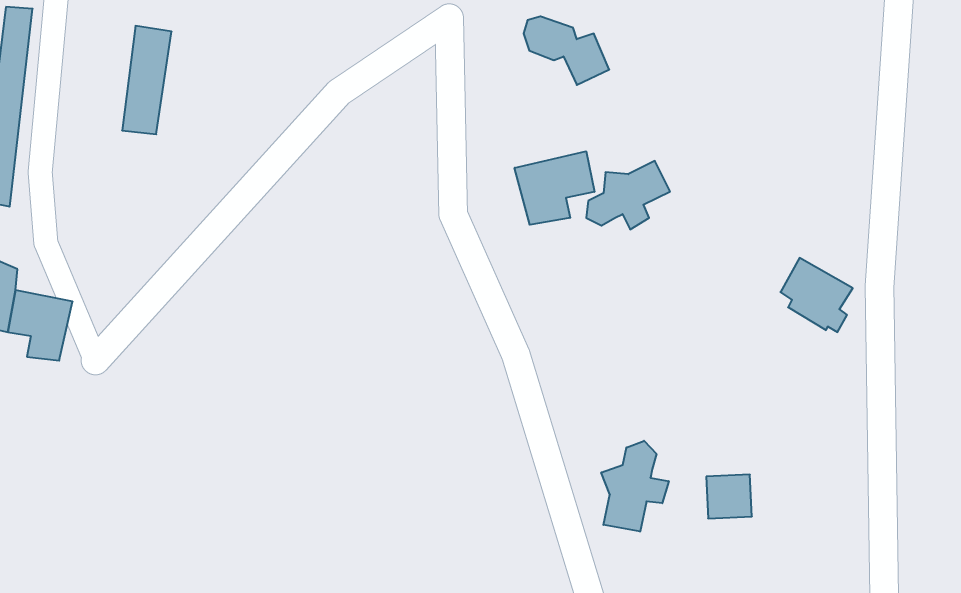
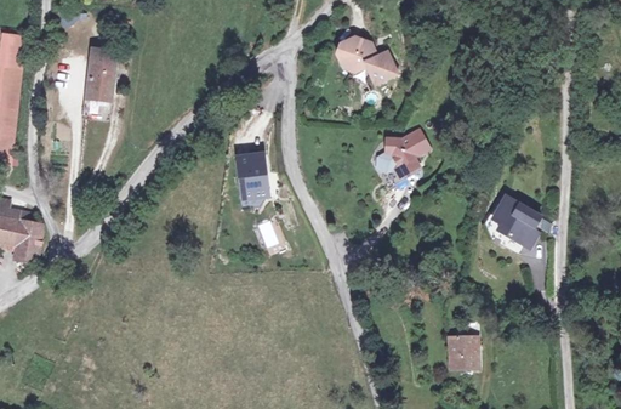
building: [515,151,594,225] -> none
building: none -> [235,155,262,197]
building: [601,441,669,532] -> none

